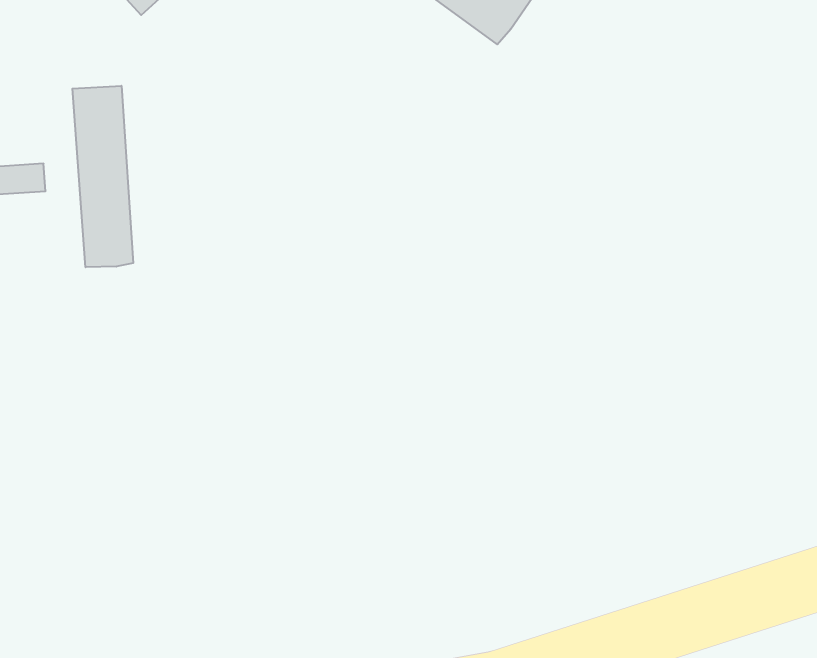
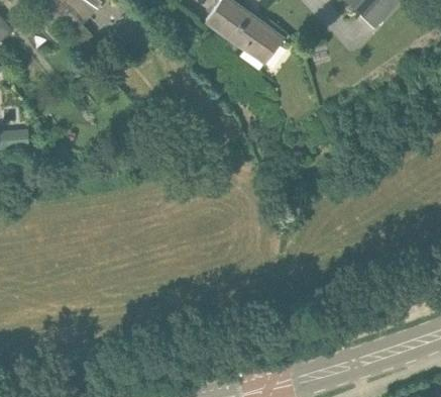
building: [72,86,133,267] -> none

